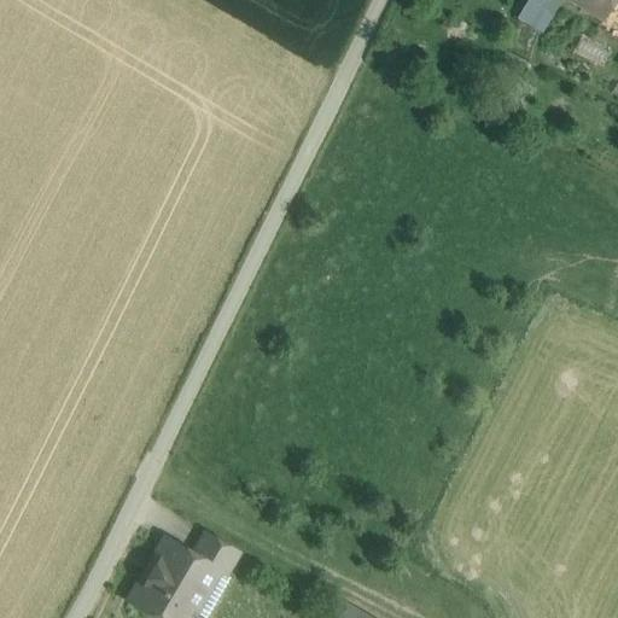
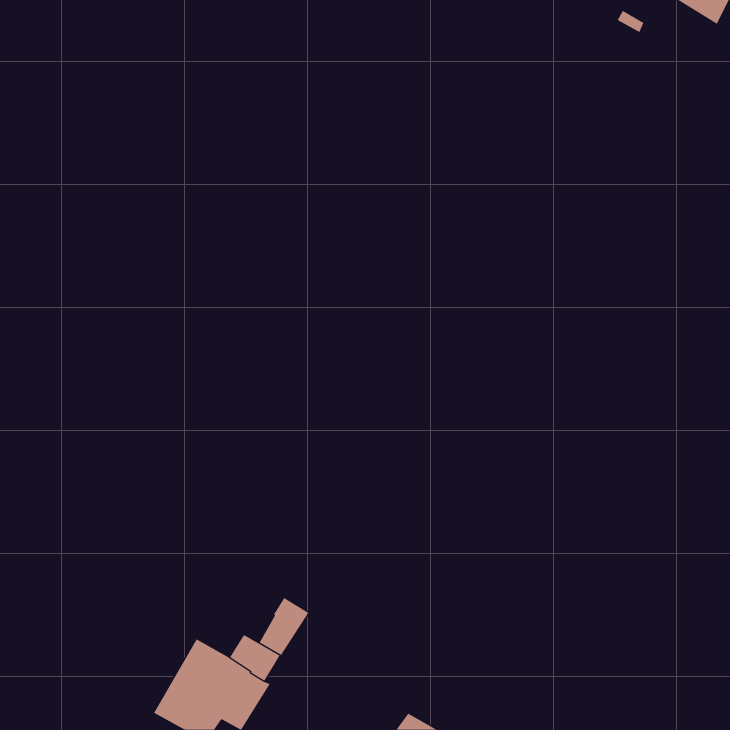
building: none -> [259,597,309,656]

